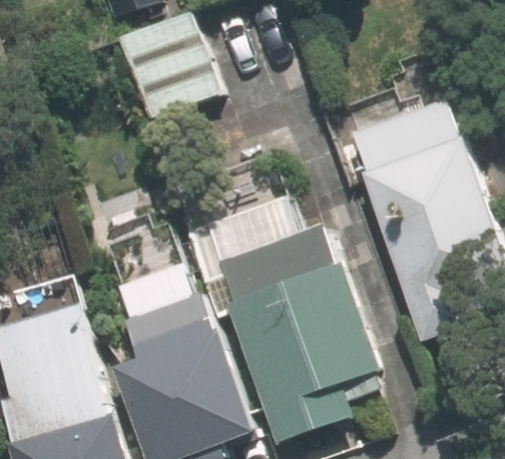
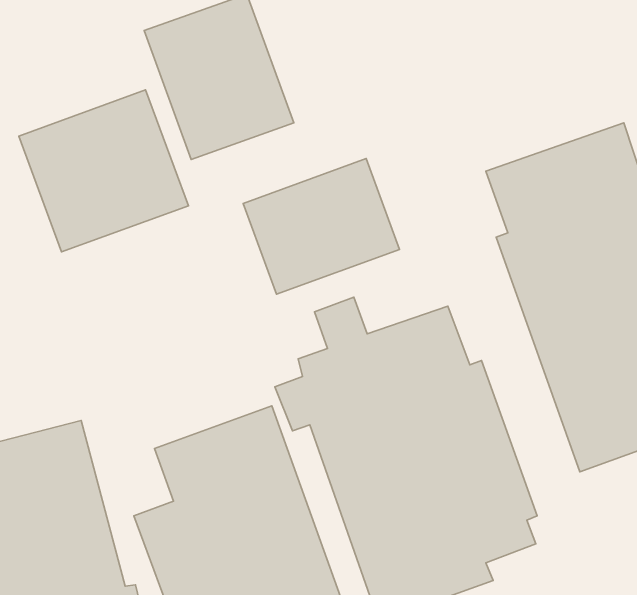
building: none -> [19,90,188,252]
building: none -> [243,159,400,294]

